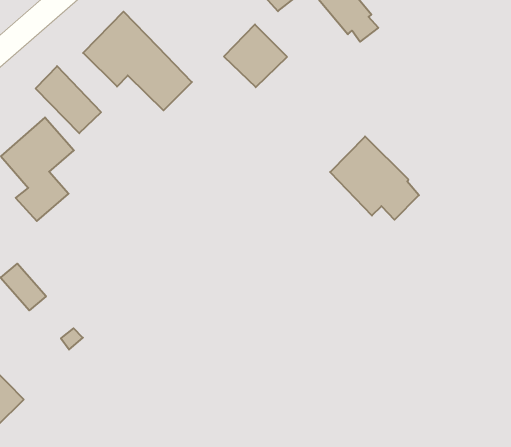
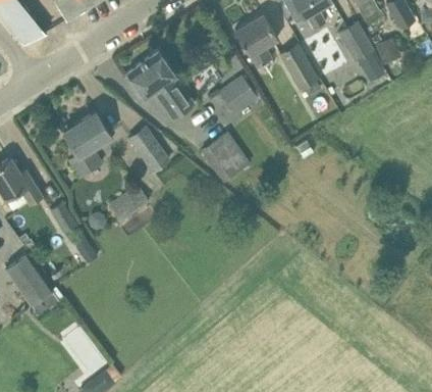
building: [36,66,101,133] -> [129,127,169,173]
building: [330,136,419,220] -> [201,132,256,189]
building: none -> [109,185,149,220]

